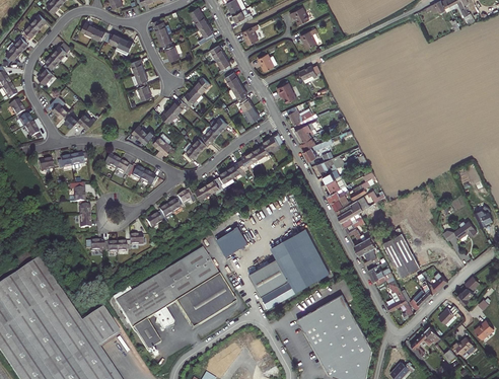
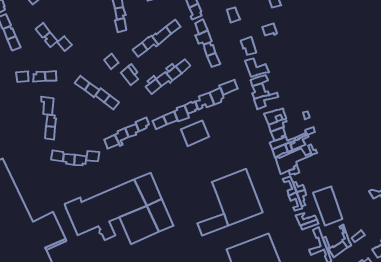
building: [216,226,248,256] -> [181,121,209,146]
building: [248,258,289,296] -> none
building: [132,320,159,351] -> none

